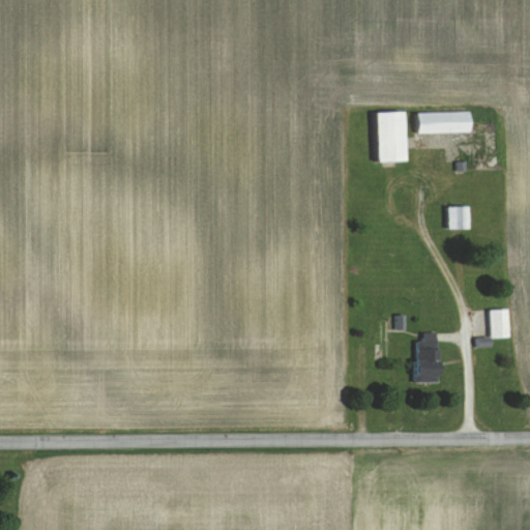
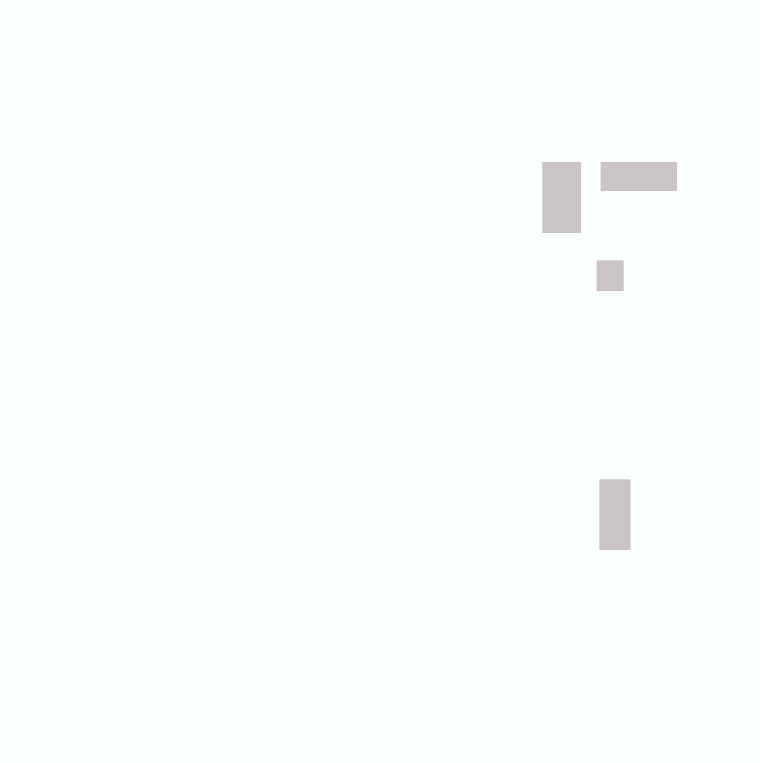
building: [449,206,469,228] -> [596,260,624,291]
building: [491,308,510,337] -> none

